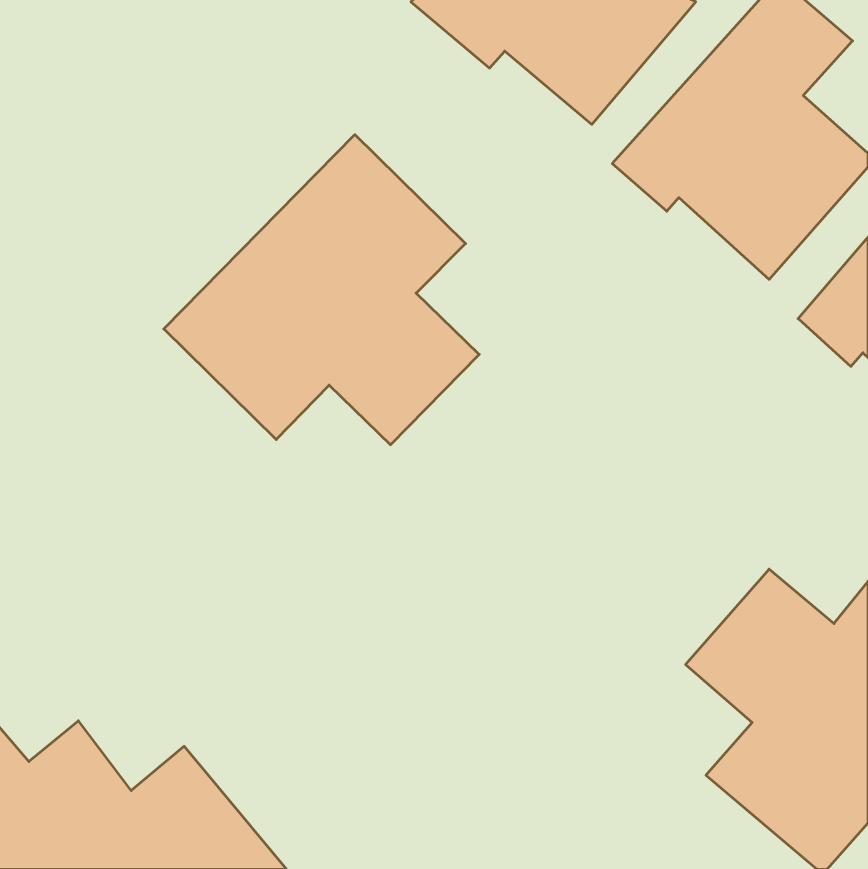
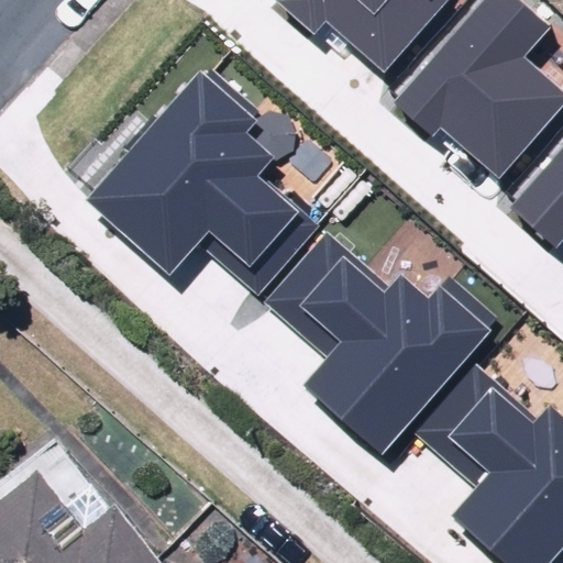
building: none -> [284,243,488,442]

